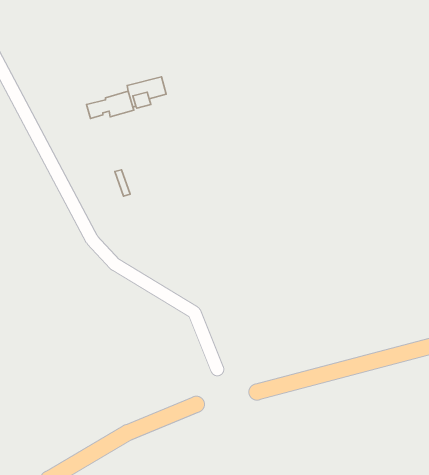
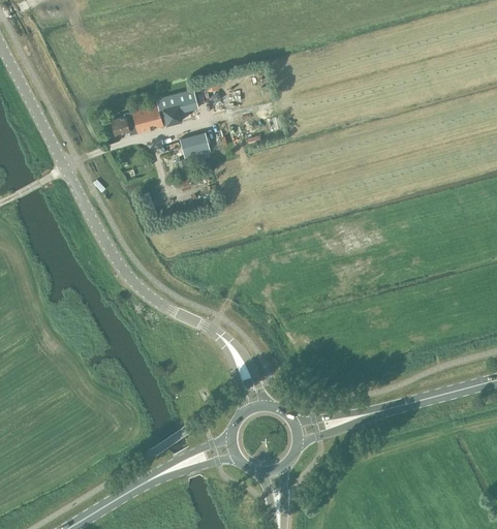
building: none -> [181,136,210,162]

